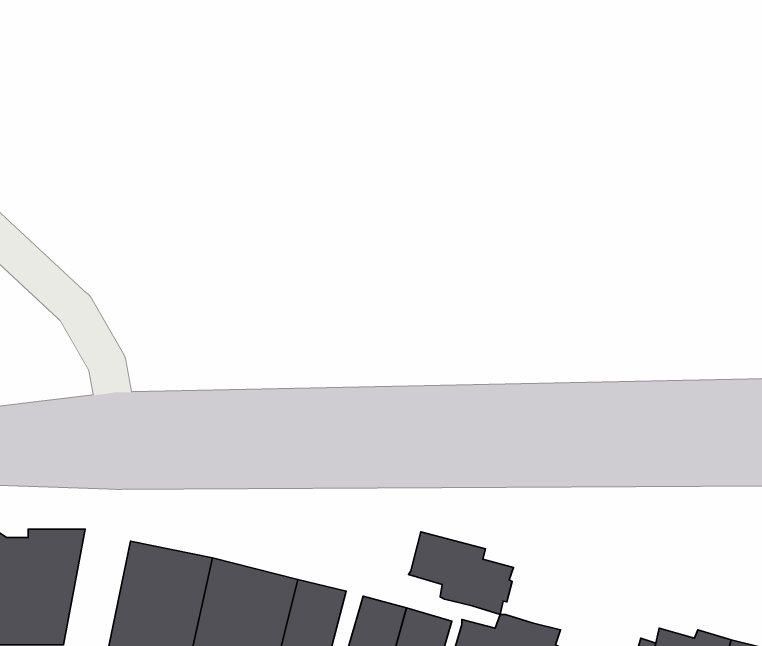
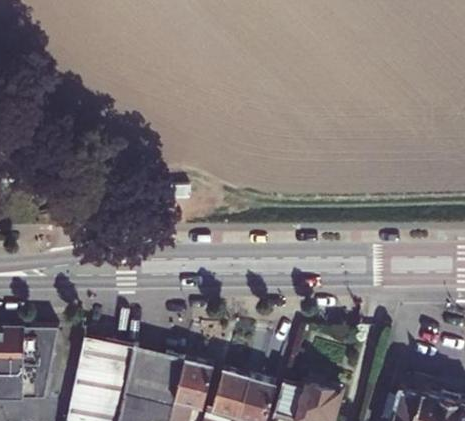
building: [409,532,513,615] -> none

